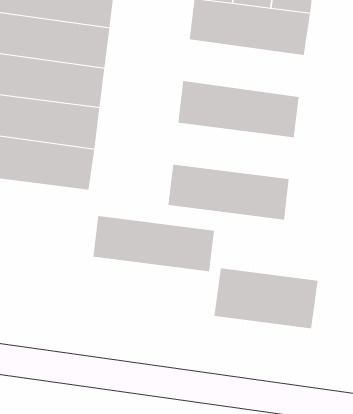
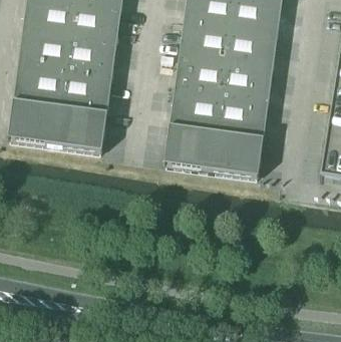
building: none -> [178,34,276,80]
building: [93,216,215,272] -> [169,101,268,146]
building: [214,268,318,329] -> none

